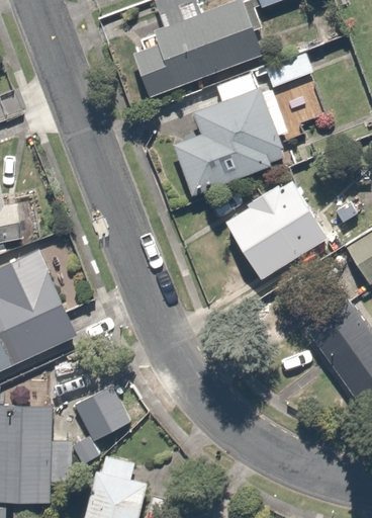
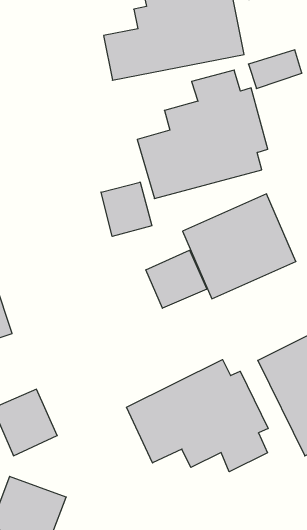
building: none -> [101,182,152,236]
building: none -> [146,250,207,308]
building: none -> [126,360,268,472]

